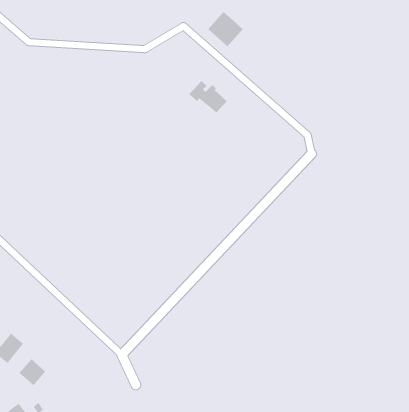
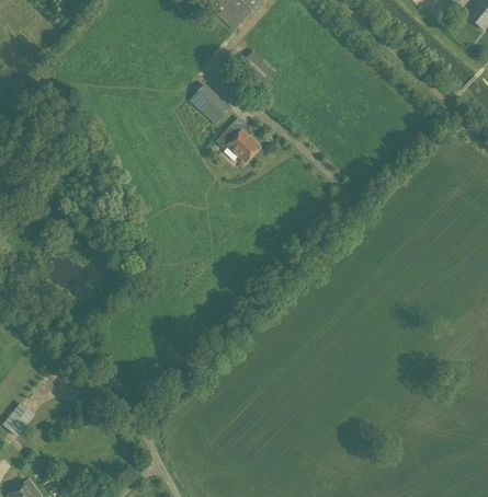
building: none -> [188,80,230,122]
building: [18,358,46,386] -> none

